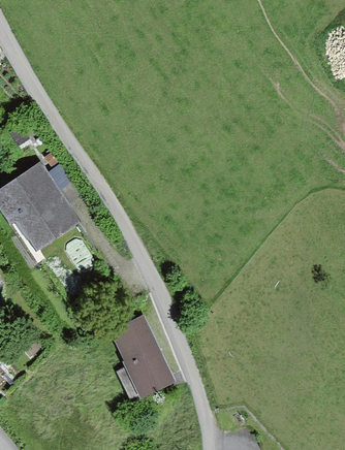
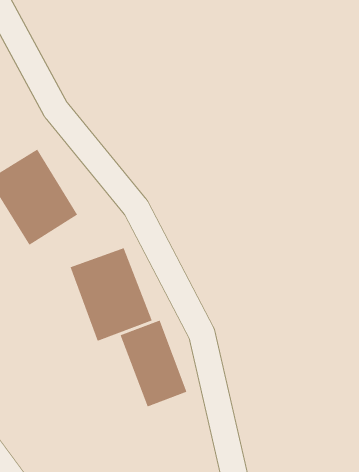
building: none -> [69,247,153,342]

